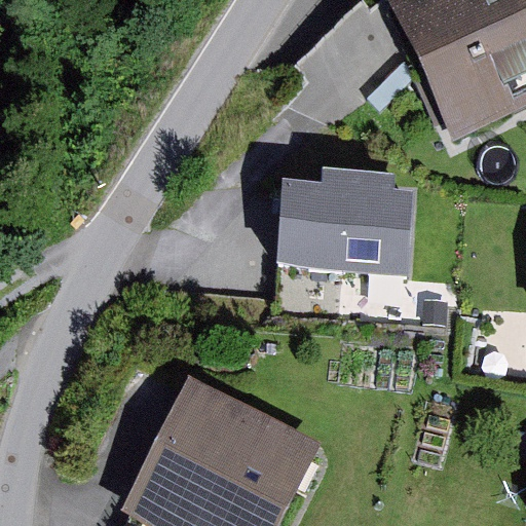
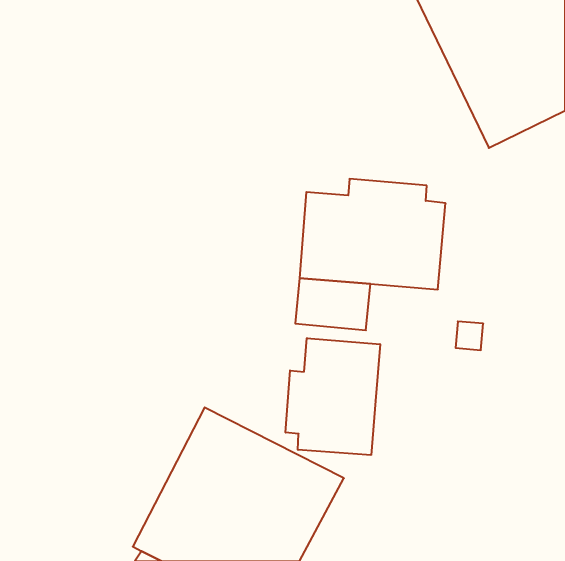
building: none -> [286,338,380,455]

